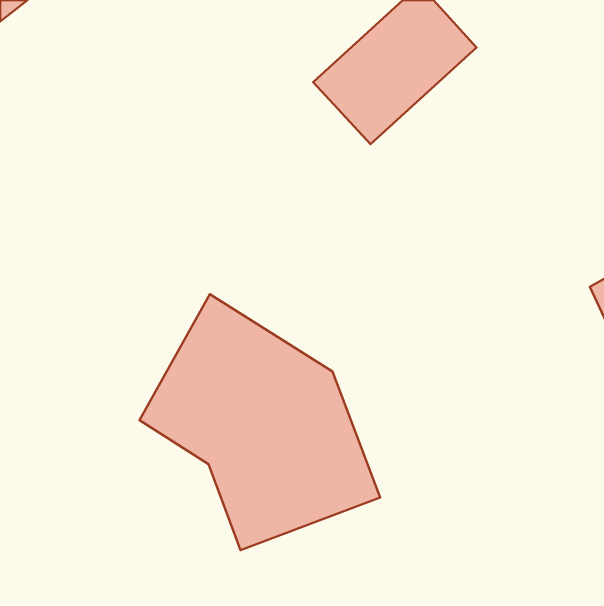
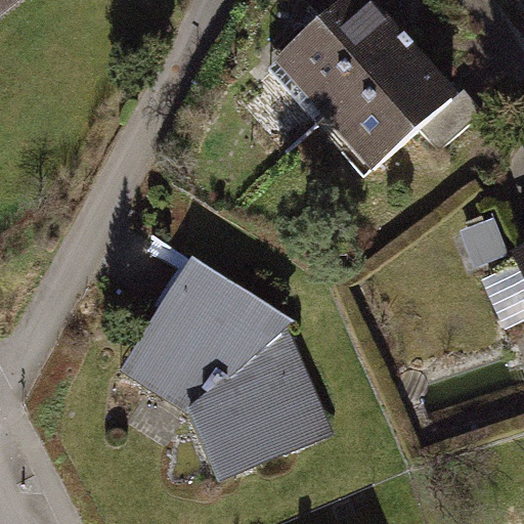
building: none -> [322,43,463,179]

